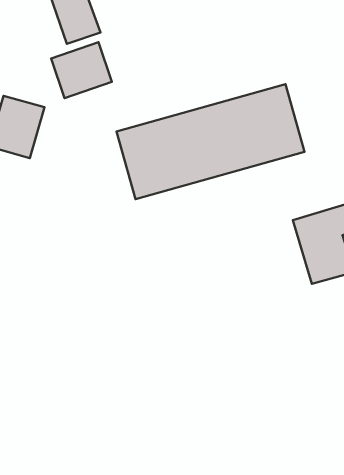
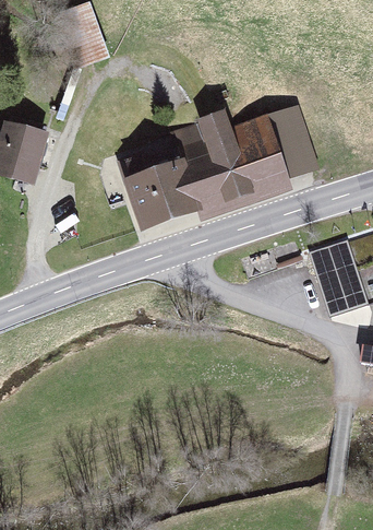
building: [51,42,112,98] -> none

